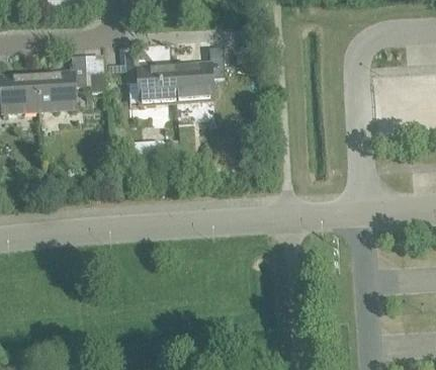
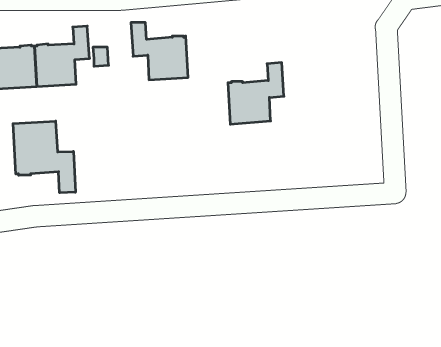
building: [173,47,224,102] -> [228,63,284,124]
building: none -> [13,121,75,193]

